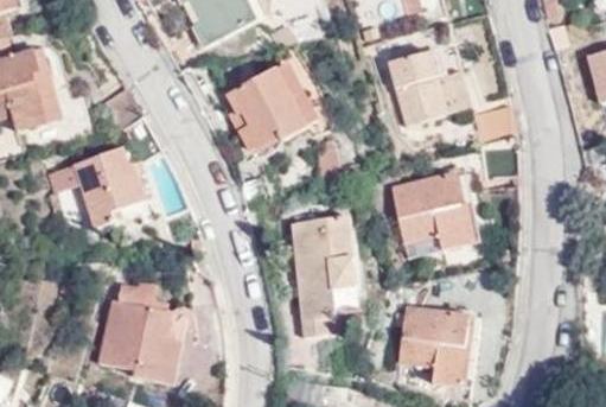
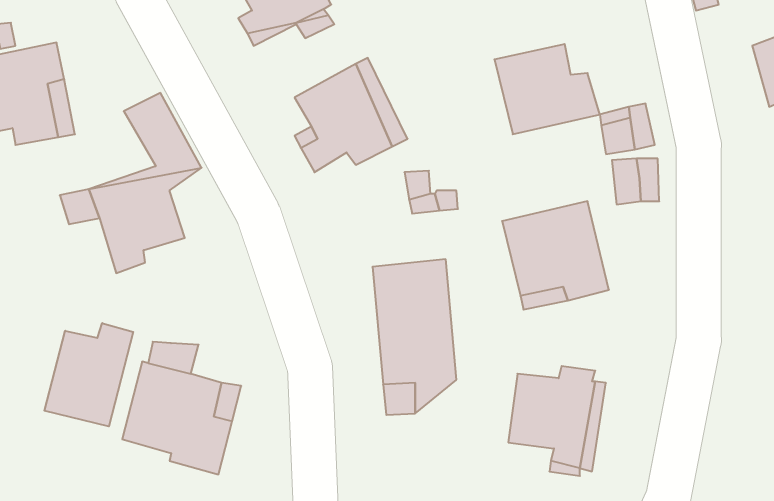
building: none -> [44,323,133,426]

